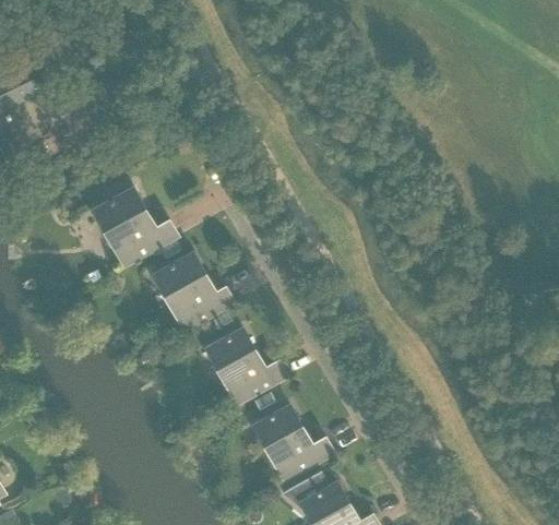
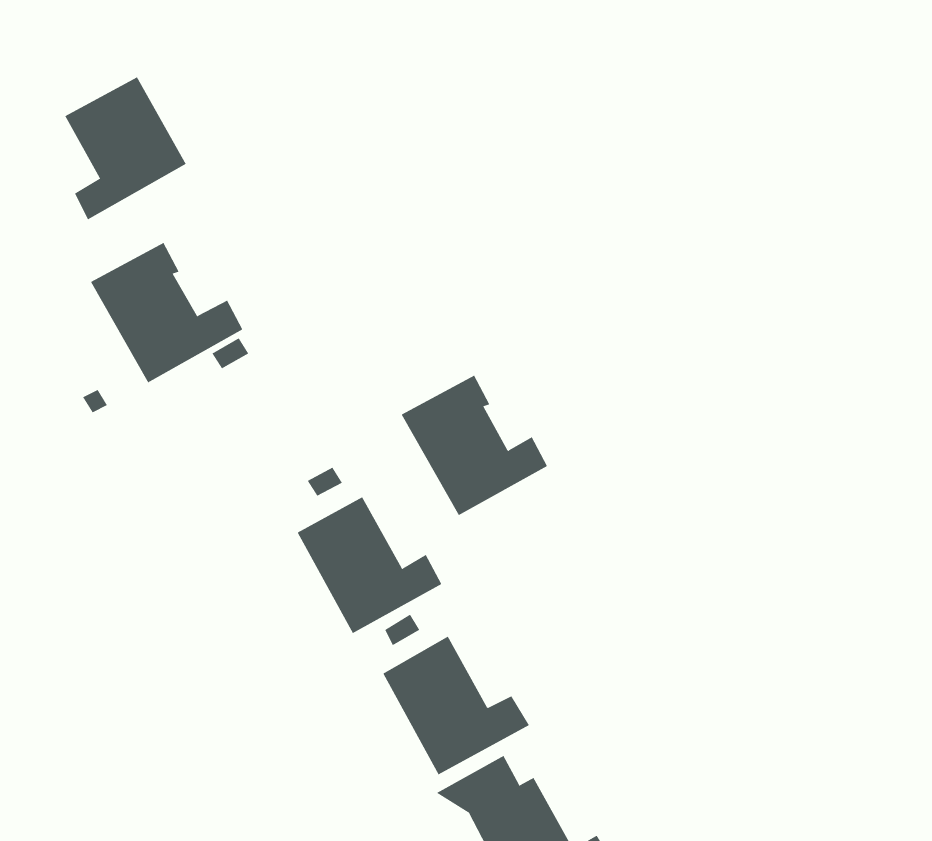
building: none -> [65,77,187,220]
building: [152,252,233,330] -> [401,375,548,516]

